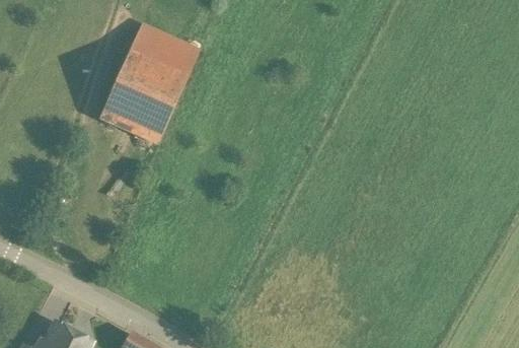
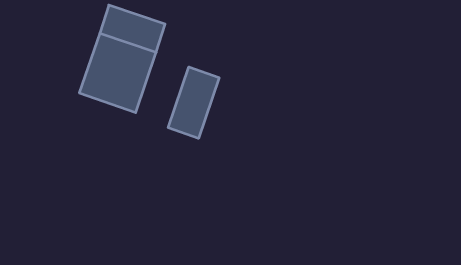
building: none -> [168,67,219,138]

